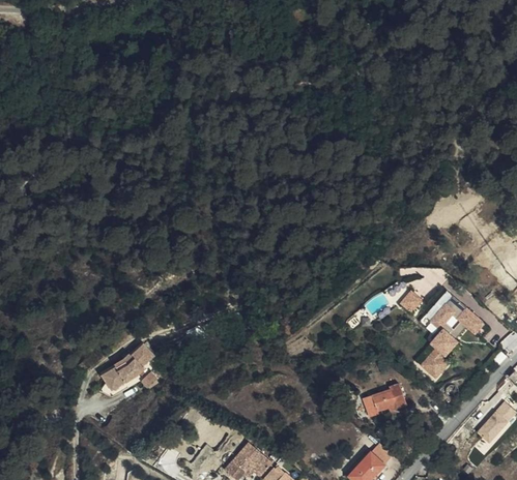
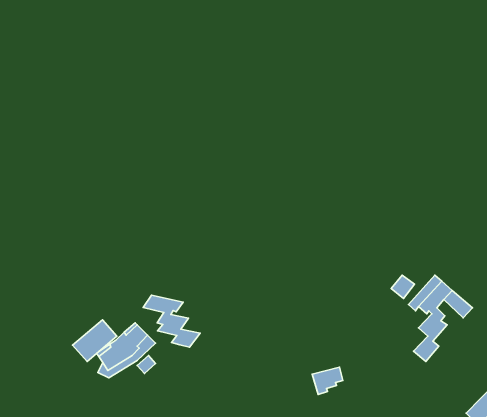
building: none -> [143,295,200,347]
building: none -> [73,320,117,362]
building: [365,390,396,418] -> [312,367,343,395]

